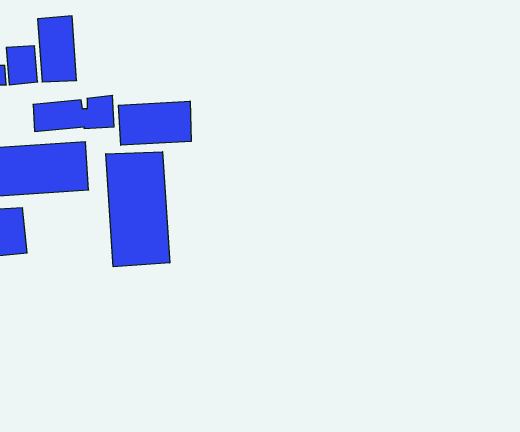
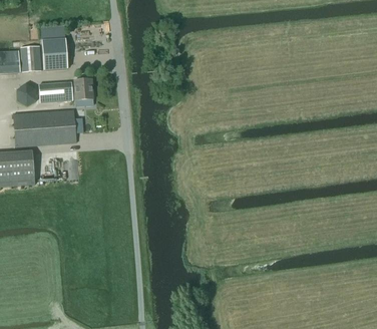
building: [118,101,191,145] -> none
building: [106,152,170,267] -> none

